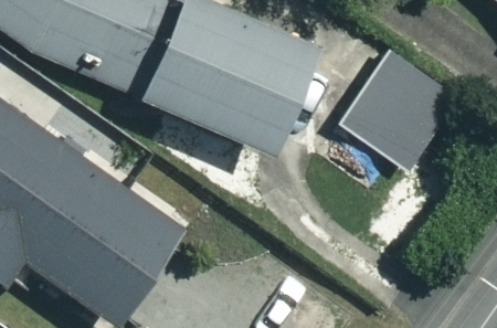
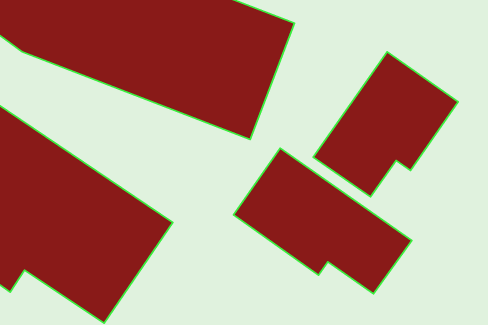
building: none -> [233,148,412,294]

